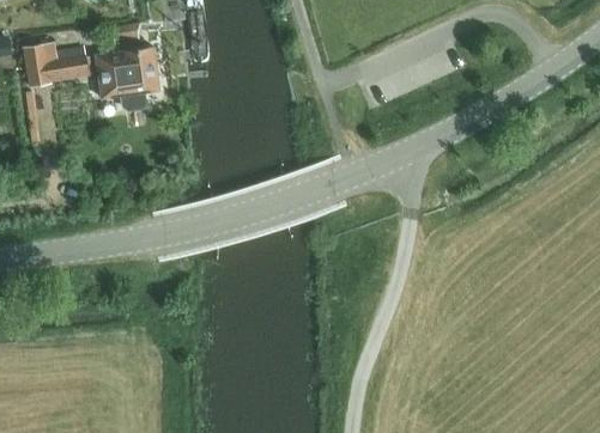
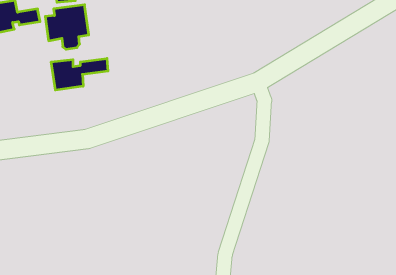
building: none -> [51,58,108,90]

